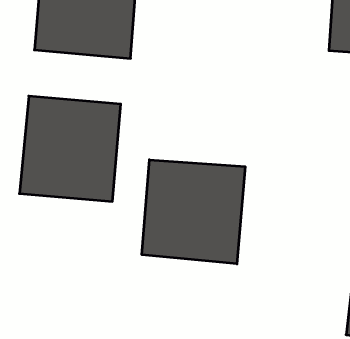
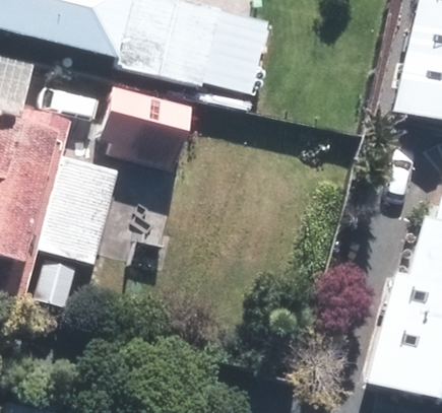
building: [142,160,245,264] -> none

